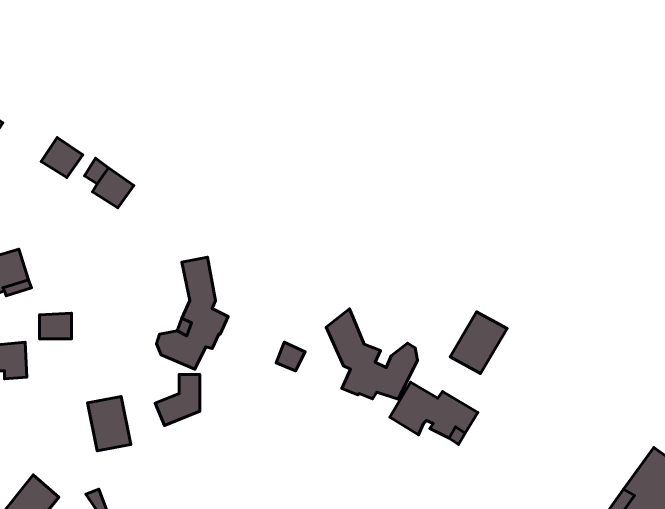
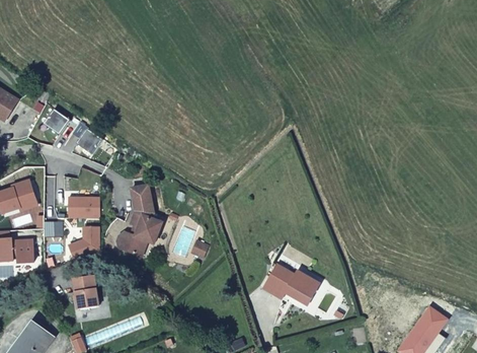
building: none -> [64,197,96,219]
building: [326,309,418,399] -> none
building: [450,312,507,374] -> none
building: [155,374,200,426] -> [67,227,95,260]

